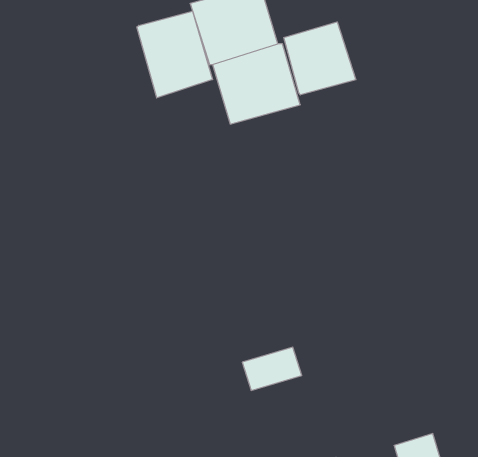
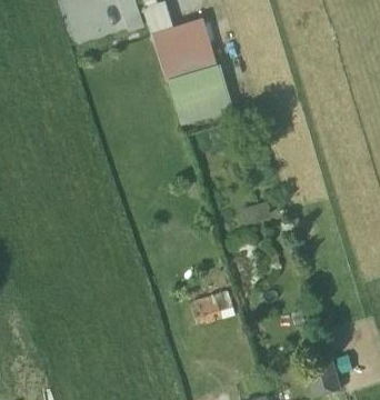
building: [137,11,213,98] -> none
building: [284,22,356,95] -> none

